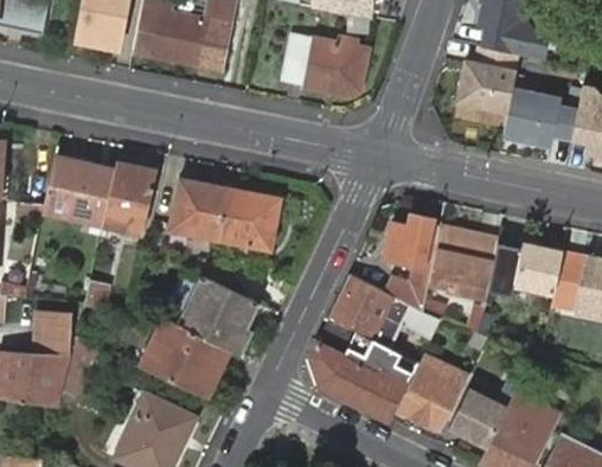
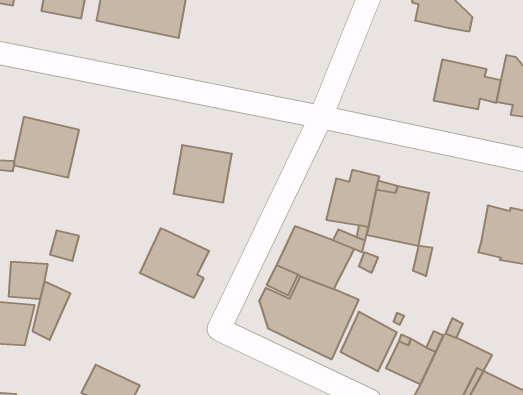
building: [283,33,367,94] -> none
building: [456,49,519,115] -> none
building: [102,162,156,230] -> none
building: [169,178,226,239] -> none
building: [513,243,562,292] -> none
building: [143,319,231,395] -> none
building: [132,394,197,449] -> none

